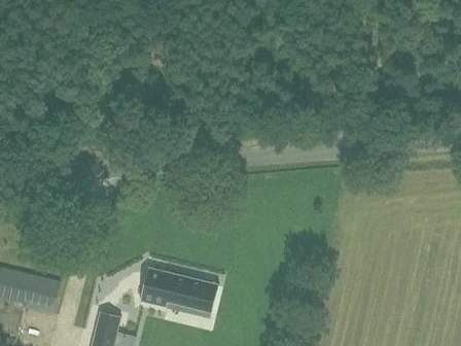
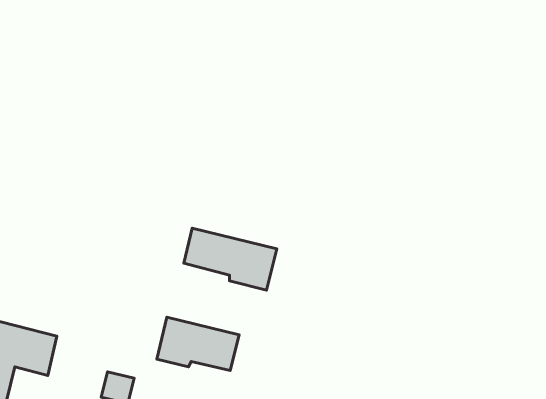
building: none -> [184,228,277,290]

